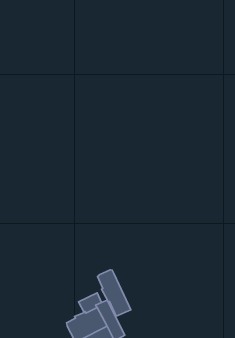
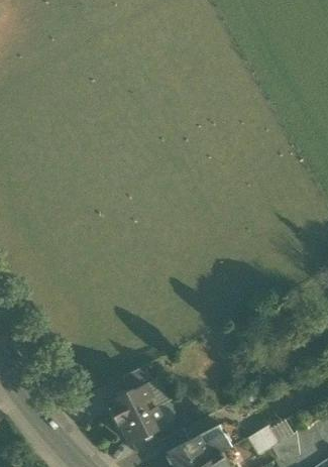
building: [97,270,131,316] -> none

